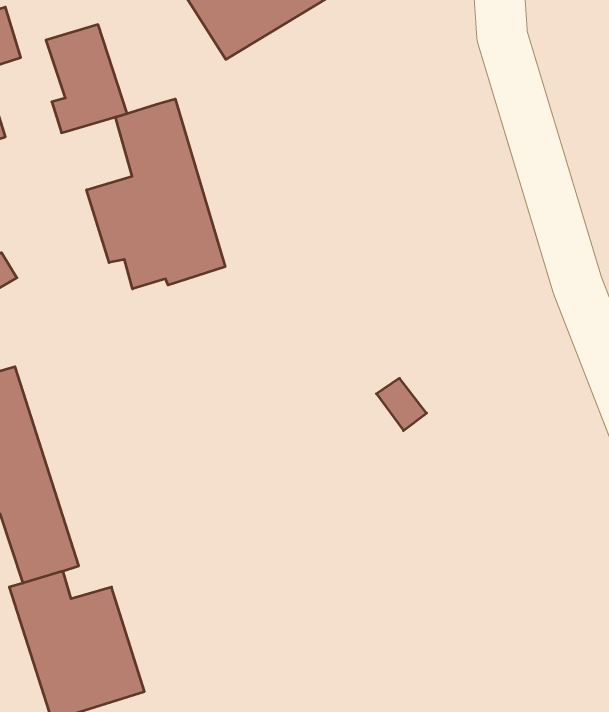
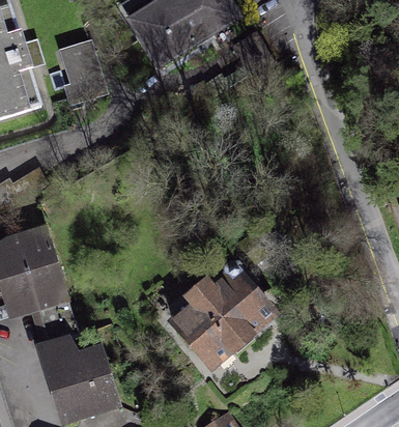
building: [87,99,225,289] -> none
building: none -> [173,267,272,364]

